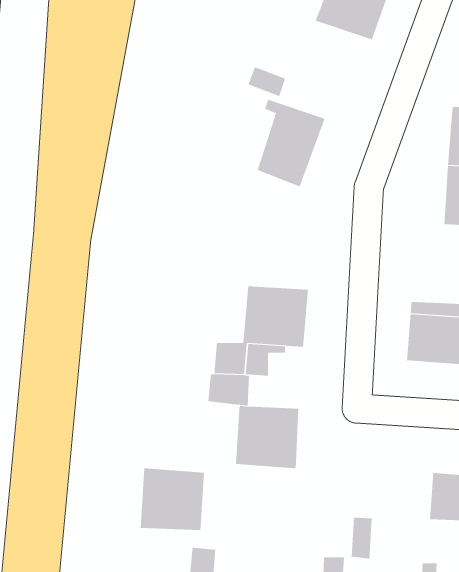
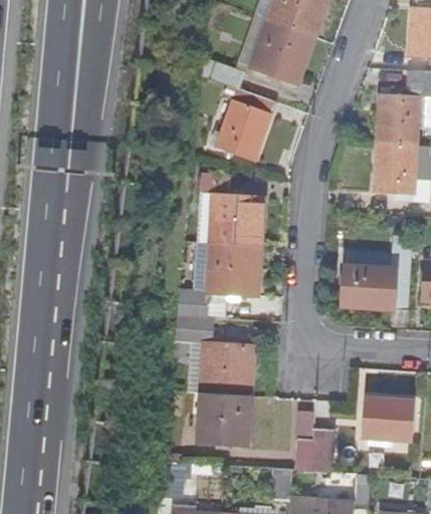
building: none -> [250,22,313,82]
building: none -> [209,192,264,246]
building: [140,468,205,530] -> [196,392,250,444]
building: none -> [311,429,337,472]

